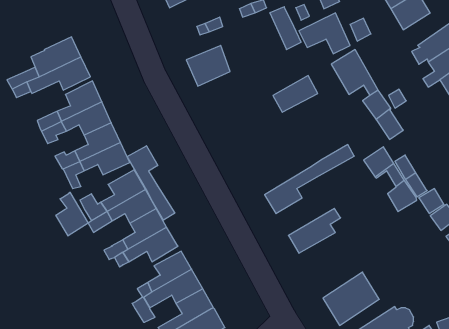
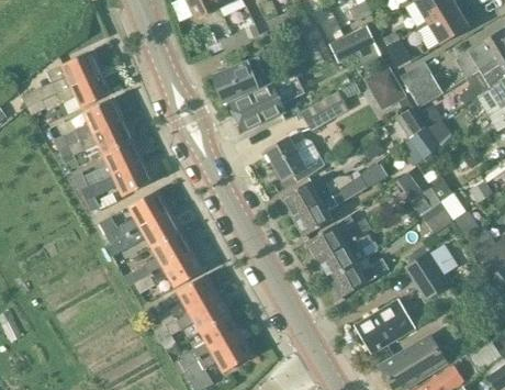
building: none -> [401,62,444,107]
building: none -> [231,74,302,130]
building: none -> [265,130,325,181]
building: [127,146,175,220] -> none
building: none -> [282,175,352,216]
building: [56,192,88,236] -> none
building: none -> [307,221,367,259]
building: none -> [404,248,453,300]
building: none -> [329,256,389,297]

